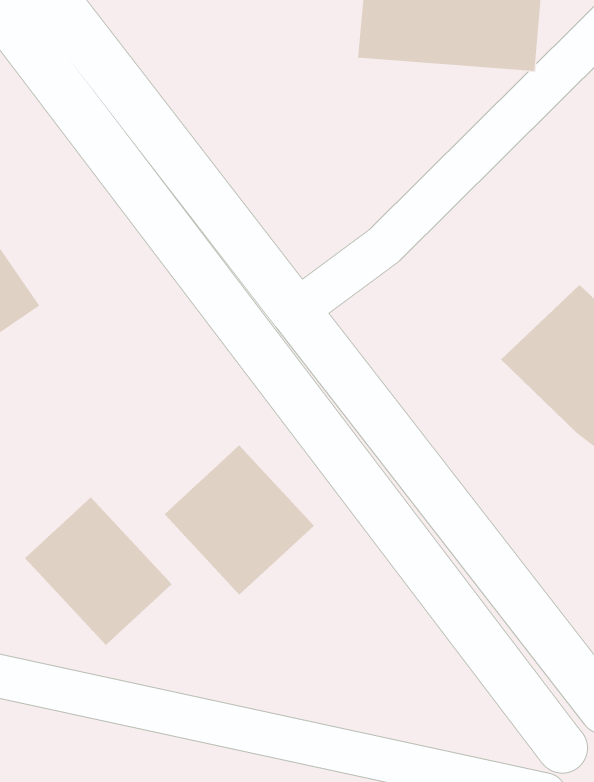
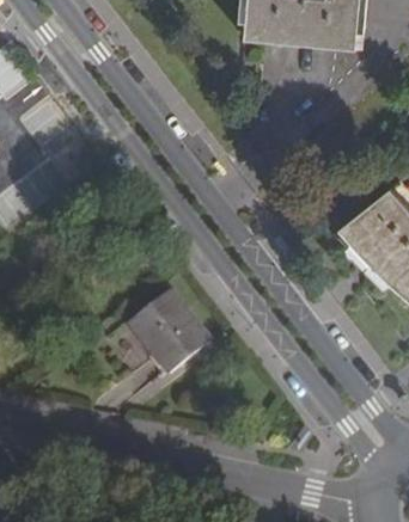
building: [24,496,172,646] -> none

